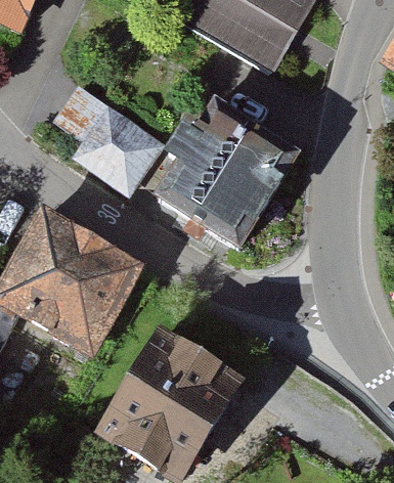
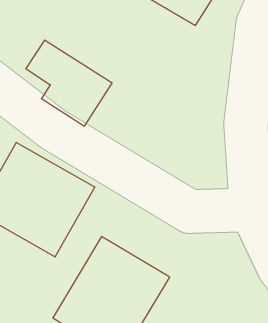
building: [149,106,293,246] -> none

